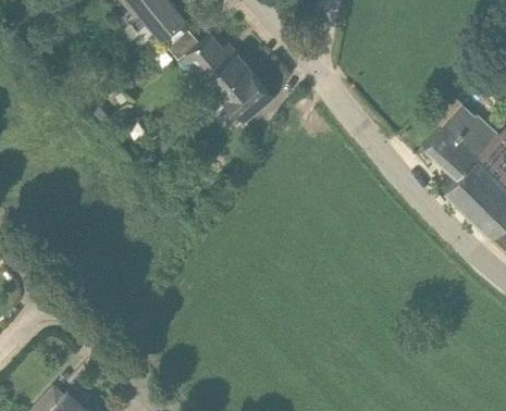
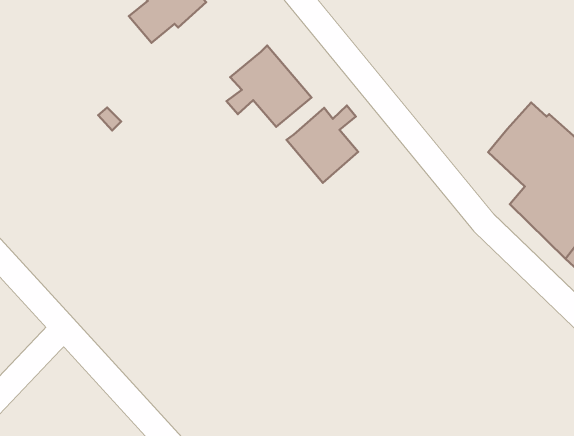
building: [166,32,230,83] -> none
building: none -> [286,106,358,183]

